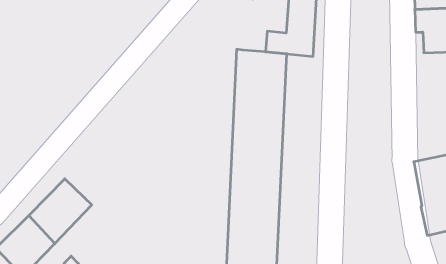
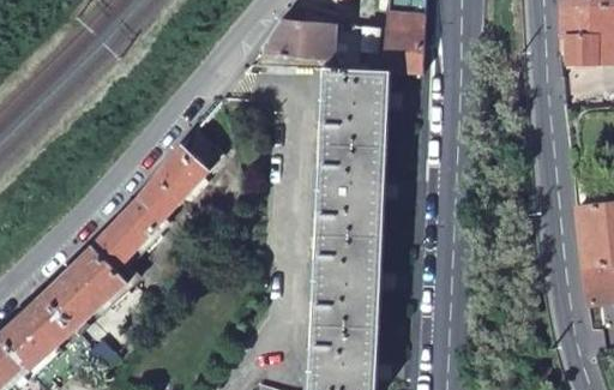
building: none -> [265,20,363,71]
building: none -> [94,142,210,265]

